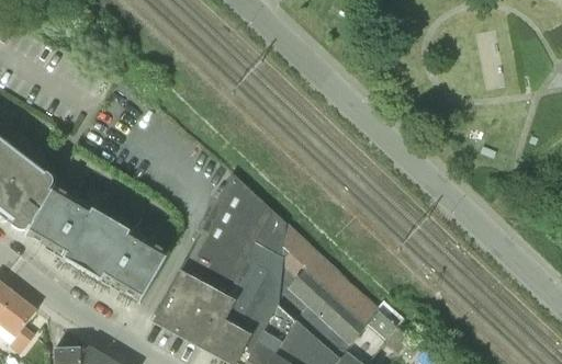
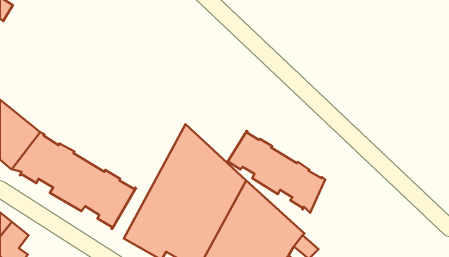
building: none -> [227,131,325,213]

